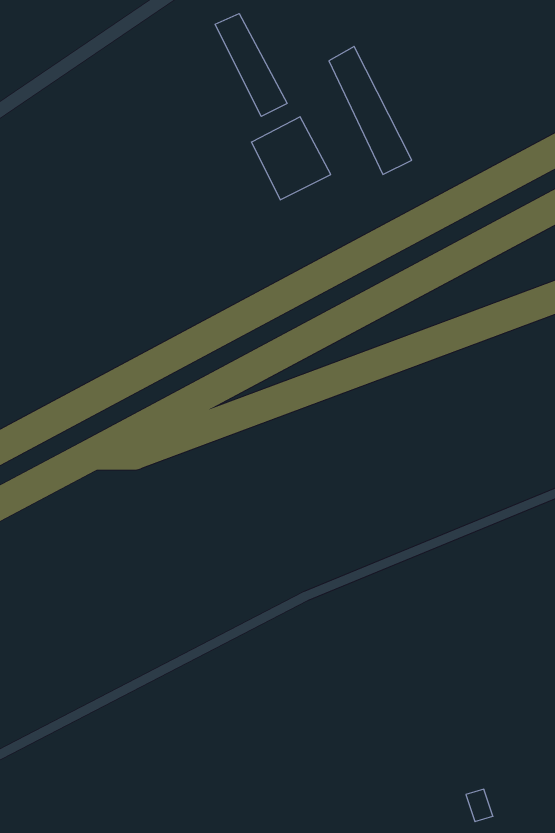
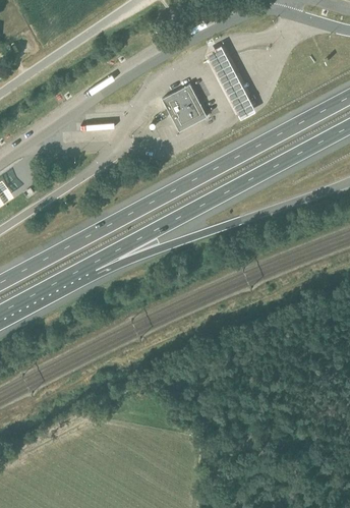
building: [215,14,287,116] -> none

